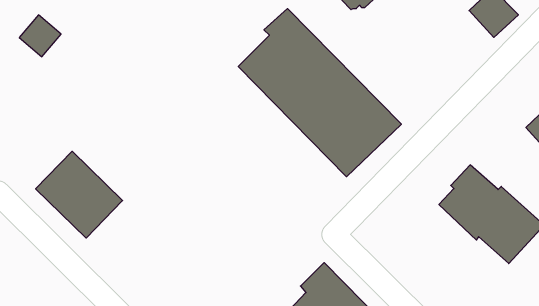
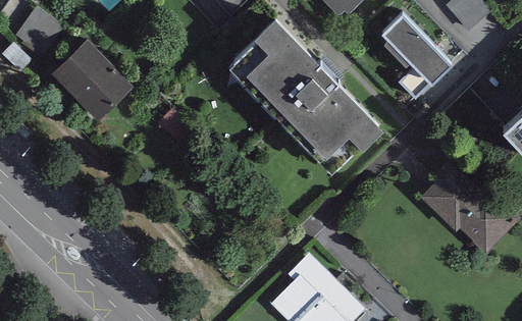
building: none -> [382,11,452,100]
building: [36,151,123,238] -> [51,38,134,120]

